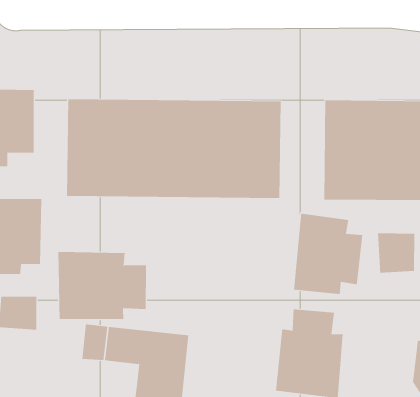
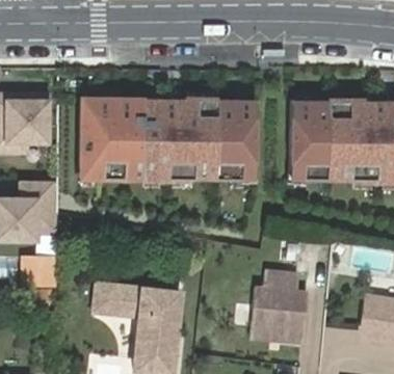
building: [294,213,363,295] -> none
building: [378,233,415,274] -> none
building: [58,251,147,320] -> none

